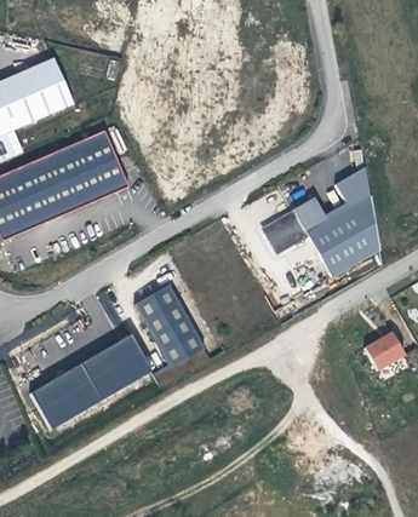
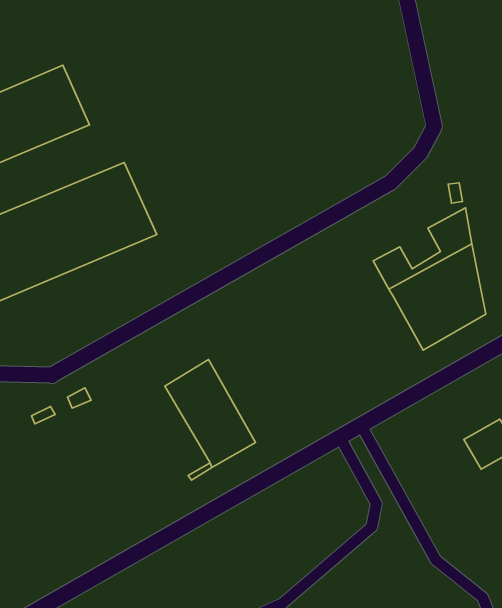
building: [260,208,310,255] -> none
building: [29,333,151,429] -> none

